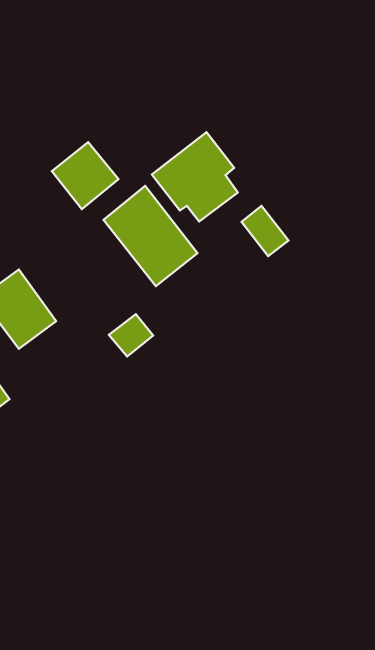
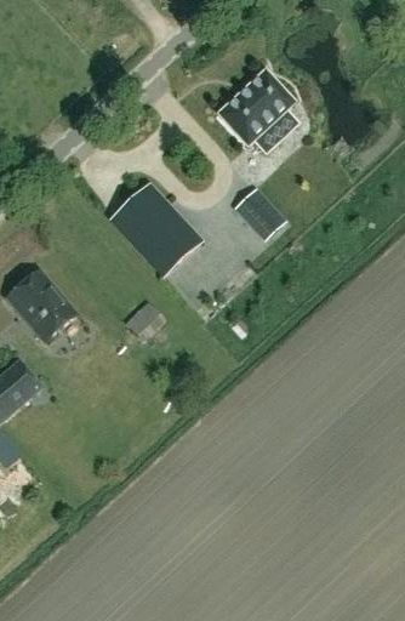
building: [152,132,238,222] -> [218,70,297,152]
building: [52,142,119,209] -> none

